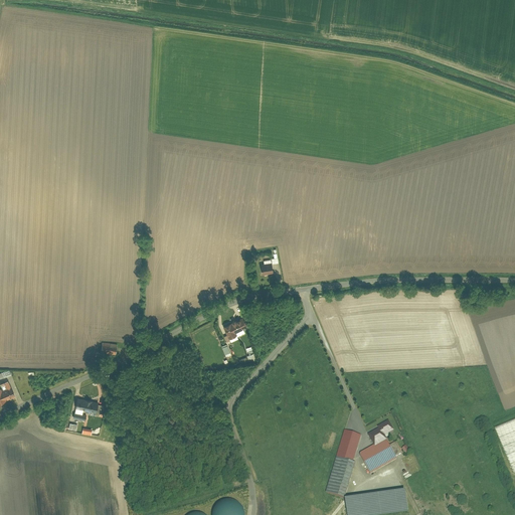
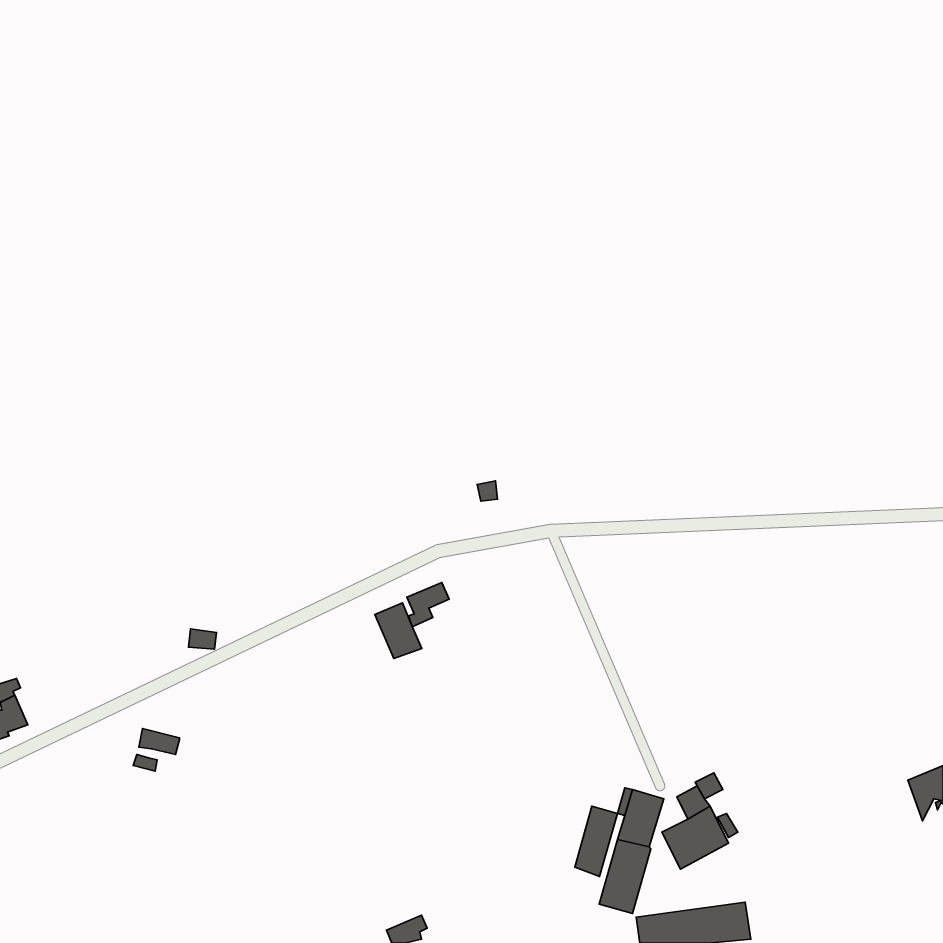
building: none -> [375,603,422,658]
building: none -> [575,806,618,877]

